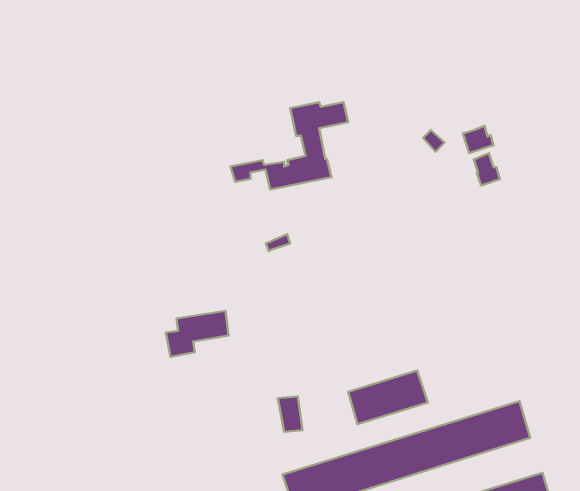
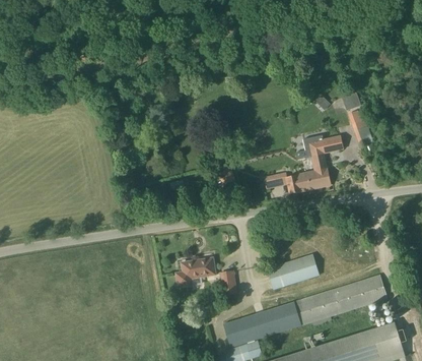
building: [230,102,348,189] -> [263,135,341,193]
building: [166,311,229,357] -> [173,257,215,288]

